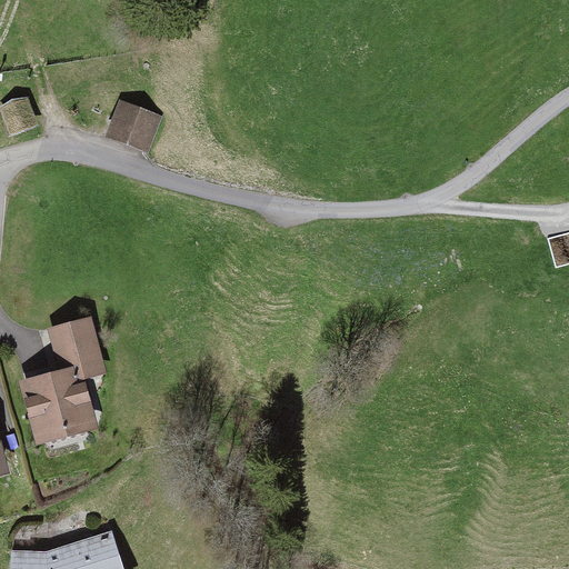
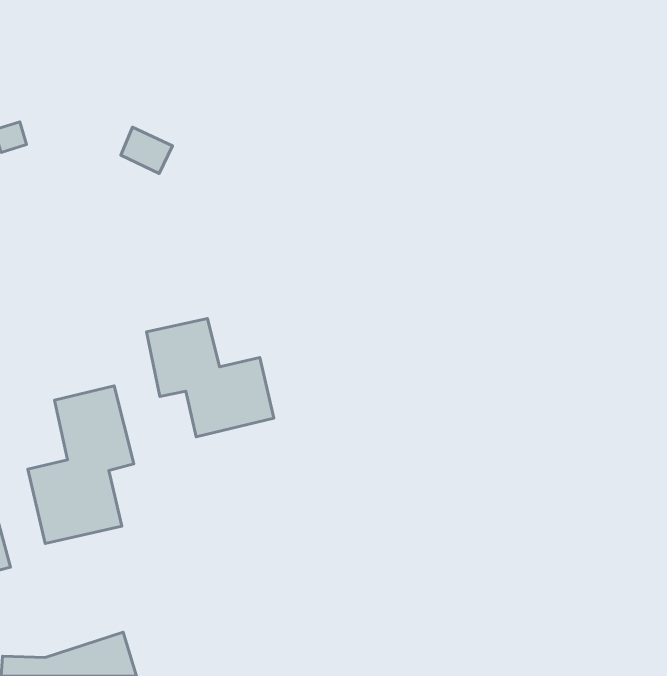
building: none -> [147,318,274,437]

